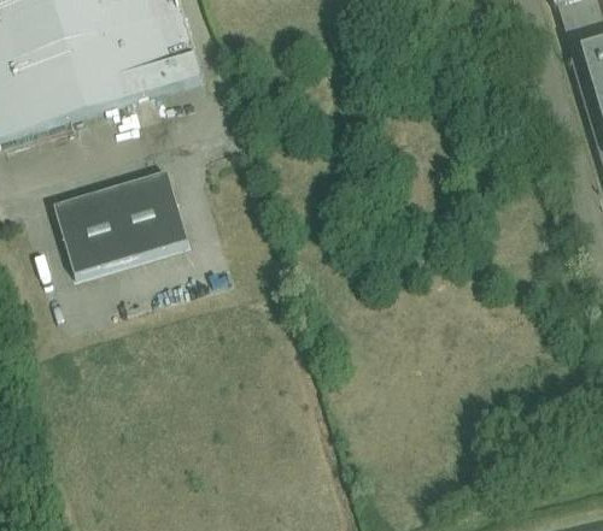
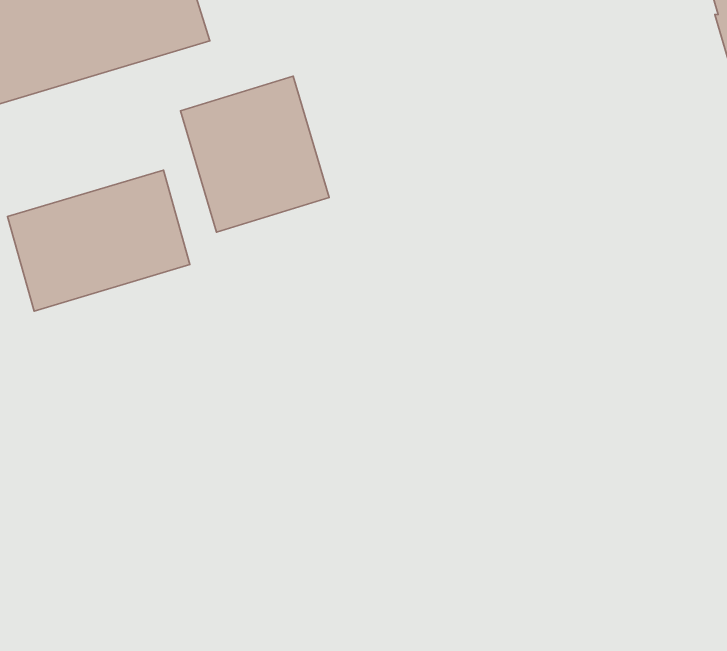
building: none -> [180,76,329,232]

